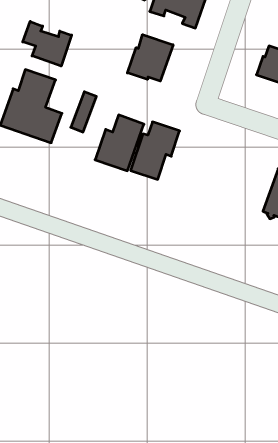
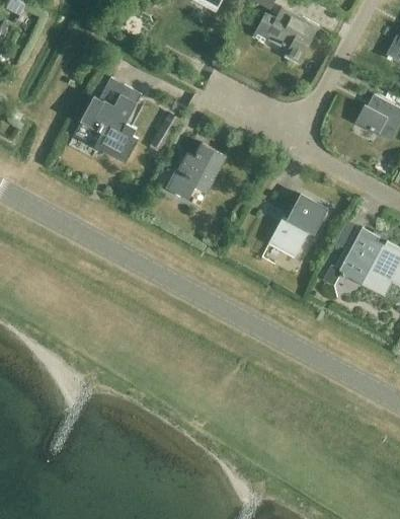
building: [23,21,72,66] -> none
building: [127,35,173,81] -> none
building: [131,122,180,179] -> [267,196,326,257]

